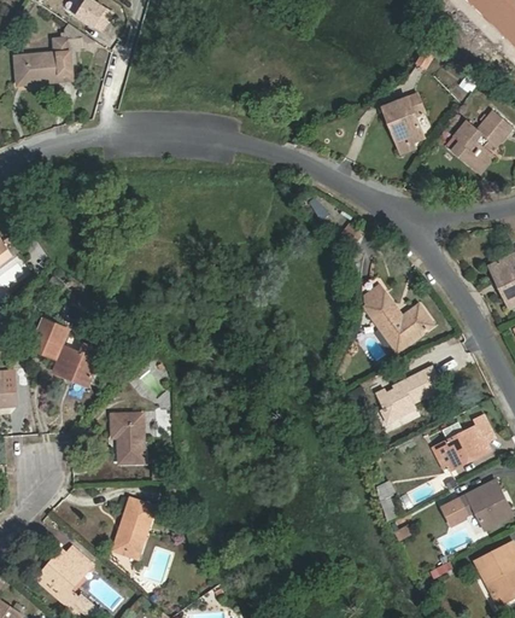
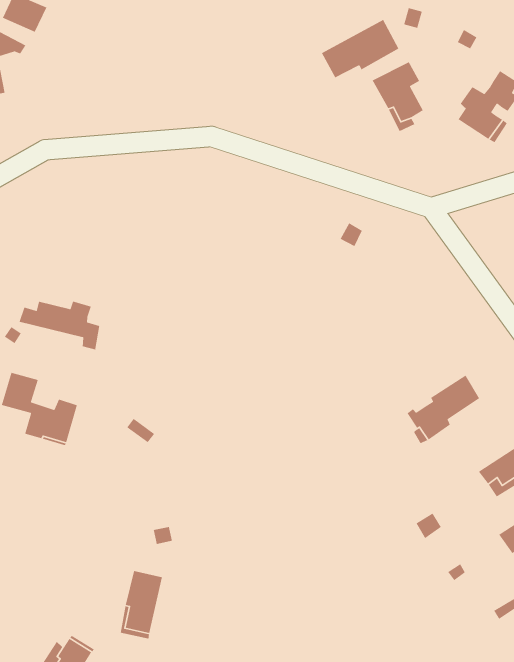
building: none -> [321,19,400,79]
building: none -> [19,301,100,350]
building: [361,278,433,350] -> none
building: [111,413,144,461] -> none

